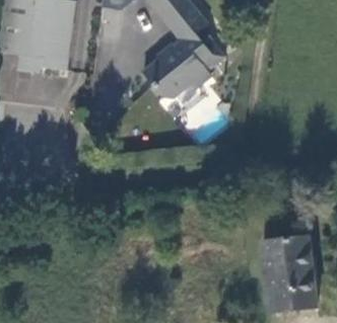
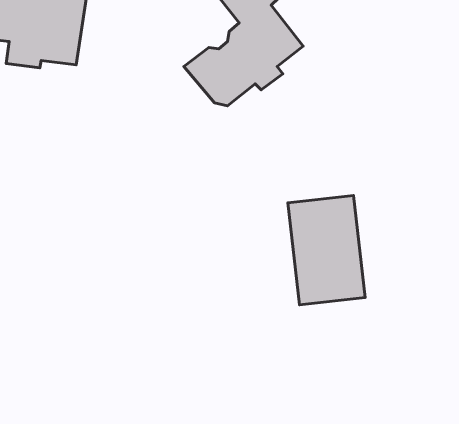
building: [262,235,316,311] -> [288,196,365,305]

